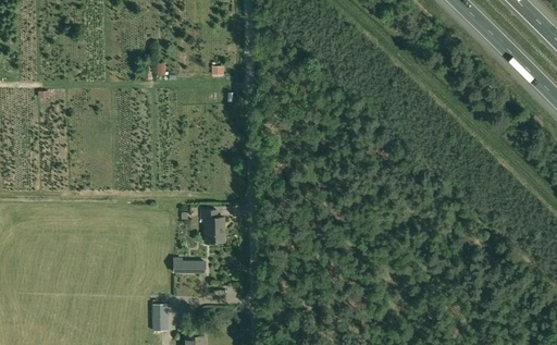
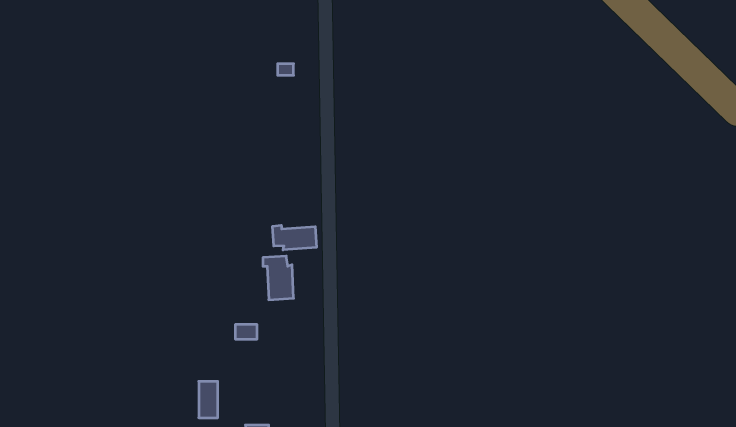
building: none -> [273,225,316,250]

